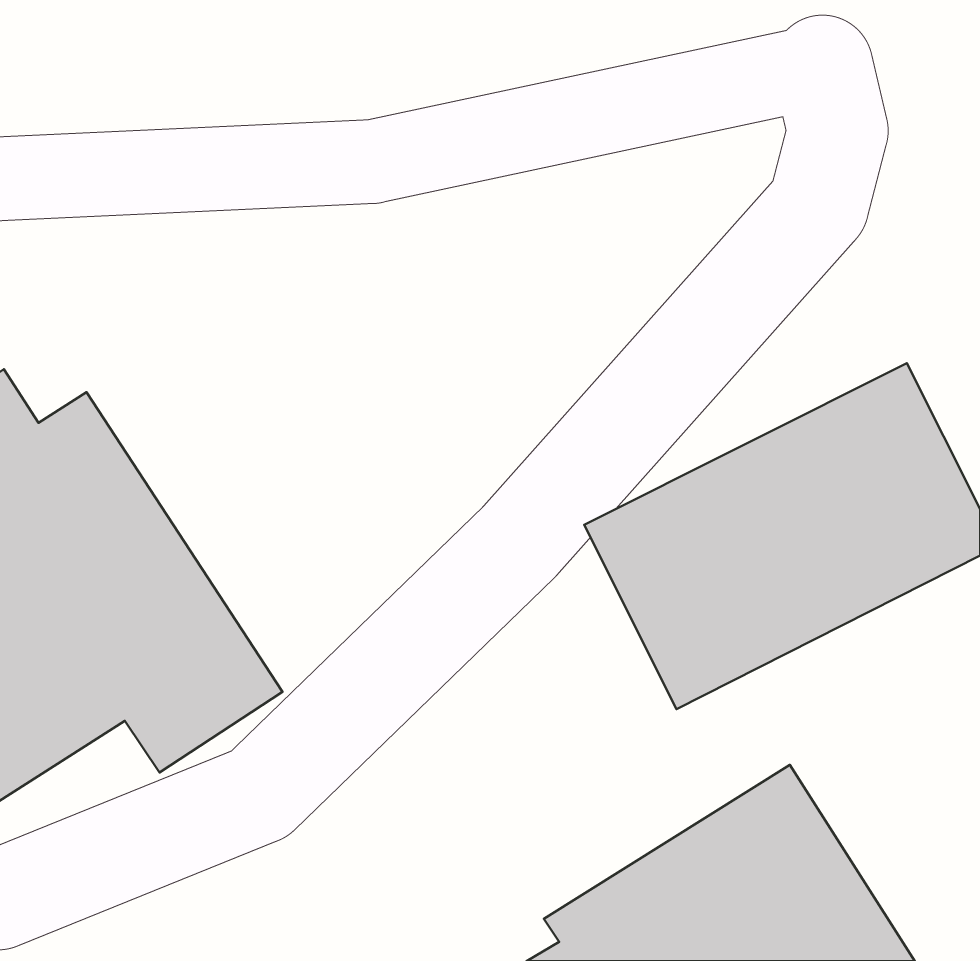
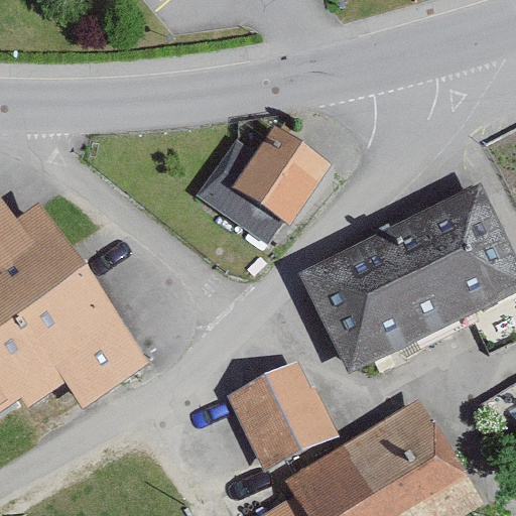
building: none -> [198,125,331,240]
building: none -> [229,362,330,468]

